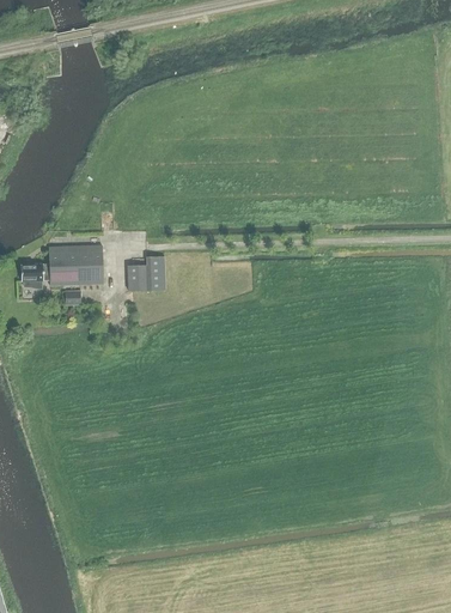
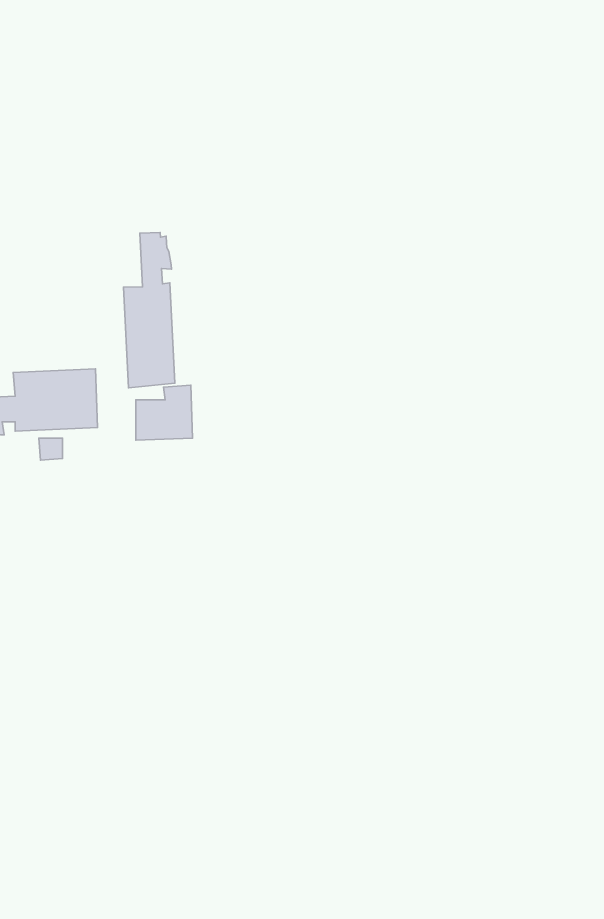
building: none -> [124,233,175,388]

